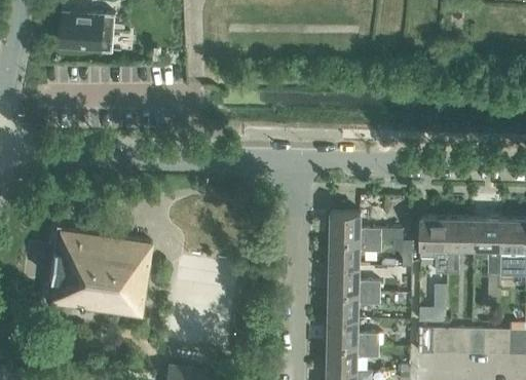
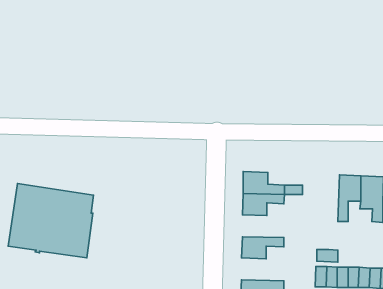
building: [61,12,115,51] -> none
building: [419,218,447,274] -> none
building: [329,266,379,294] -> none
building: [328,318,379,346] -> none

